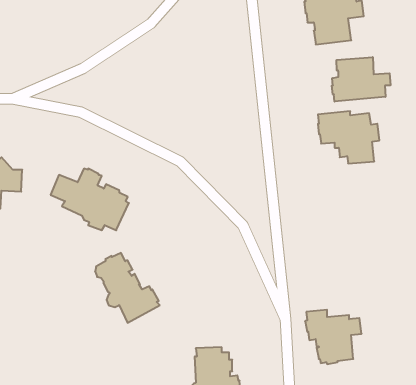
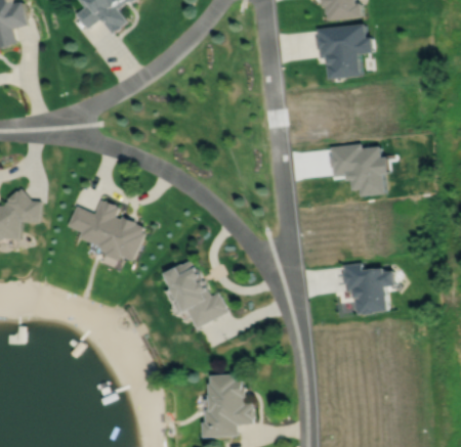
building: [332,57,390,102] -> none
building: [95,253,160,323] -> [165,261,228,329]
building: [305,310,362,364] -> [342,263,397,316]

